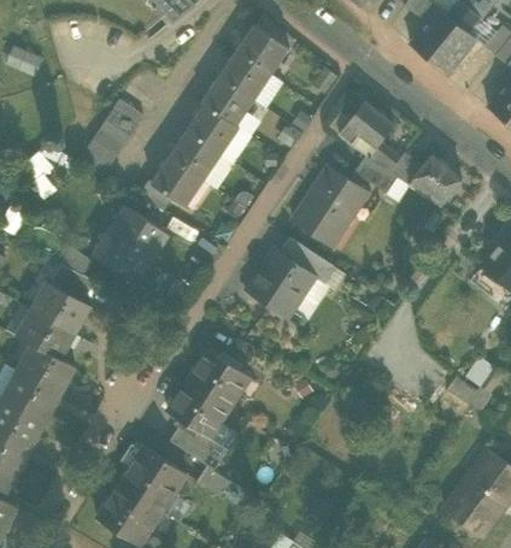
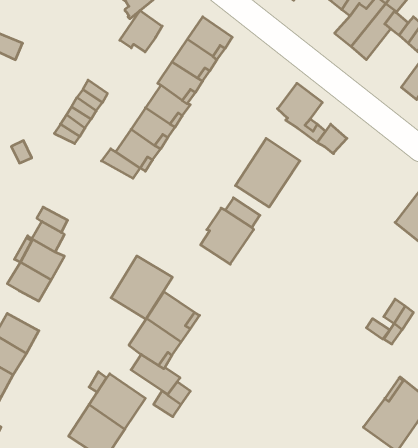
building: none -> [120,10,162,52]
building: [354,155,398,195] -> none
building: [410,155,463,208] -> none
building: [98,207,170,282] -> [111,256,172,319]
building: [24,347,76,394] -> none

